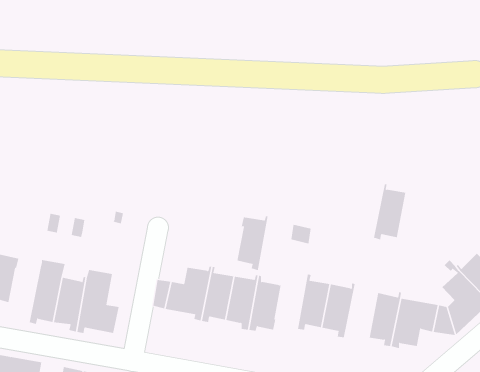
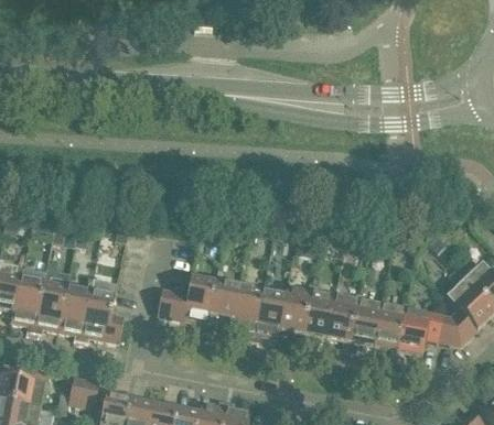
building: [373,184,406,240] -> [350,296,383,352]
building: [236,216,268,271] -> [280,286,312,341]
building: none -> [11,271,46,335]

